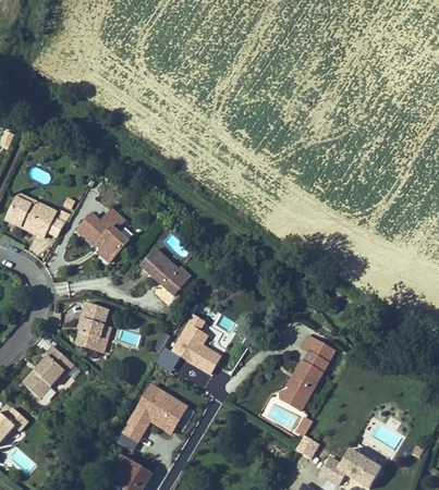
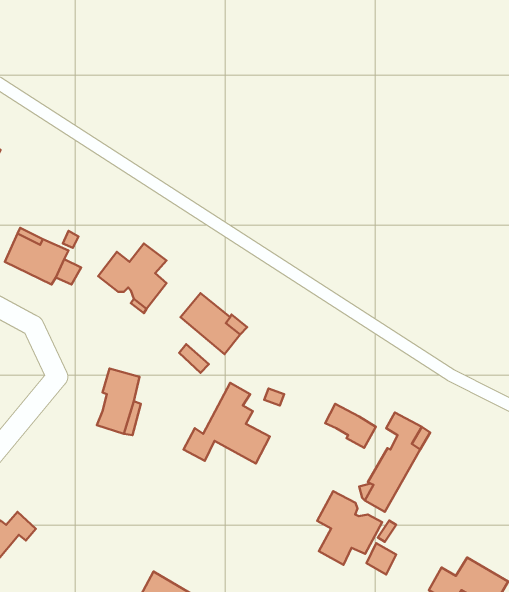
building: none -> [325,404,376,448]
building: [26,346,76,400] -> none
building: [108,381,178,442] -> none
building: none -> [317,491,382,565]

